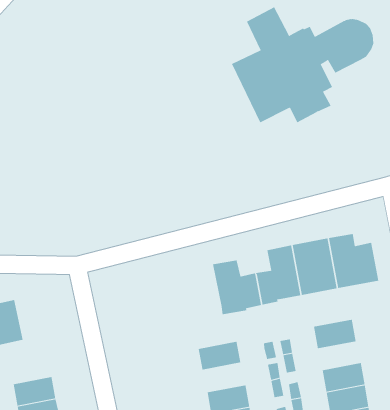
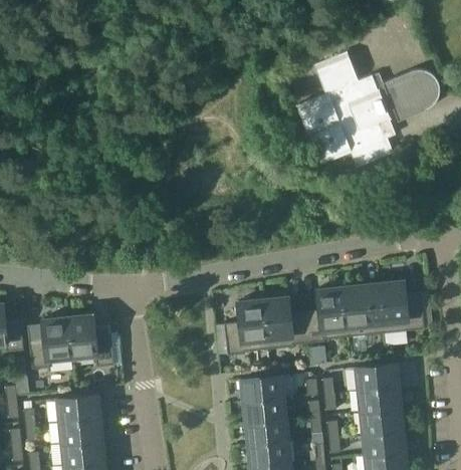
building: none -> [224,298,267,356]
building: none -> [66,313,113,367]
building: none -> [358,386,400,411]
building: none -> [243,397,285,423]

